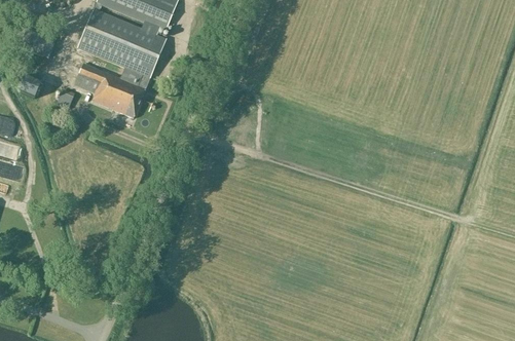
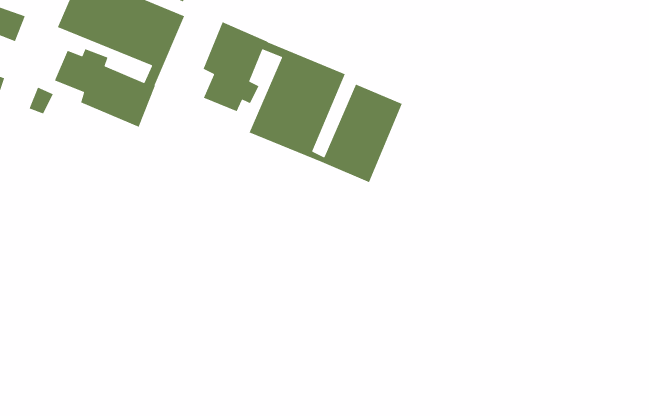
building: none -> [203,21,403,183]

